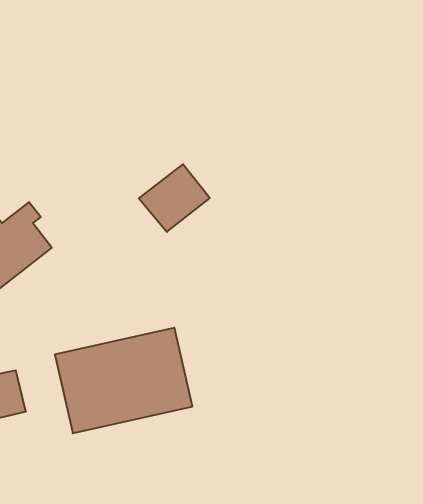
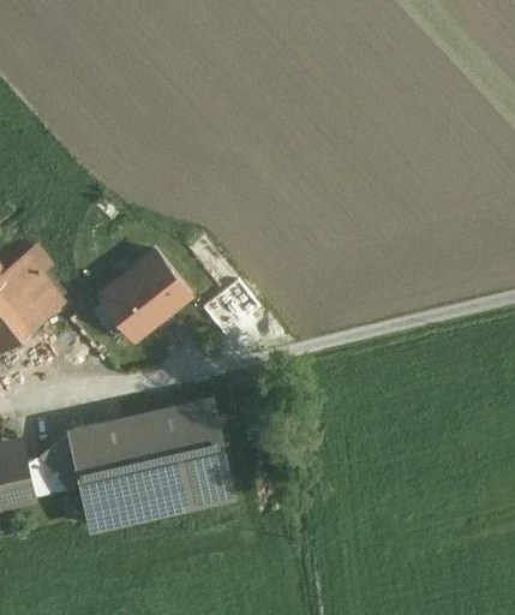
building: [139,164,210,232] -> [101,255,186,336]
building: none -> [23,447,78,497]

